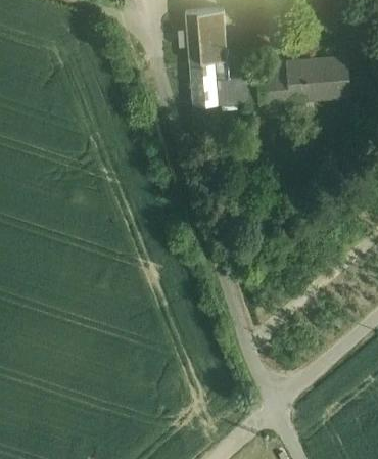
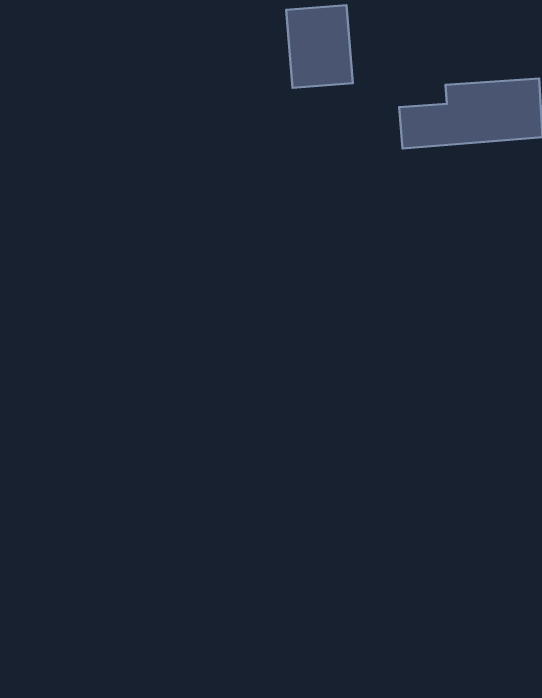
building: [189,60,259,107] -> none

